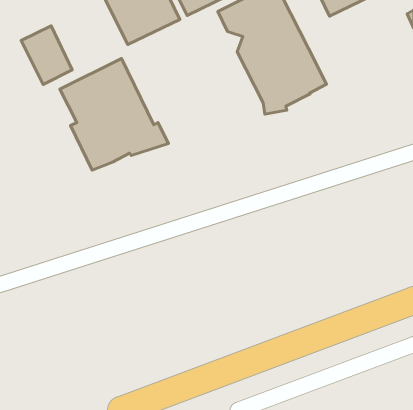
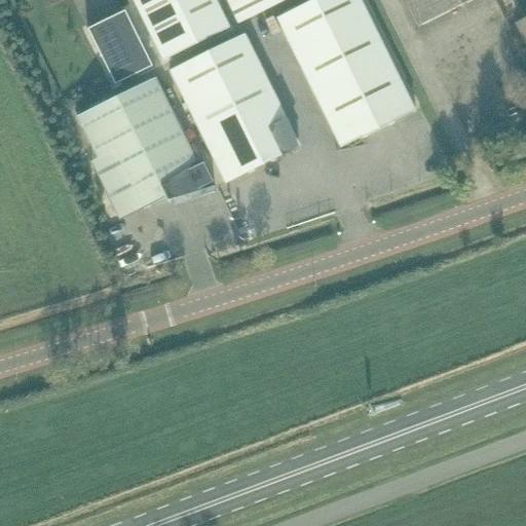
building: none -> [171,31,300,179]
building: [21,26,72,84] -> [87,7,152,81]

